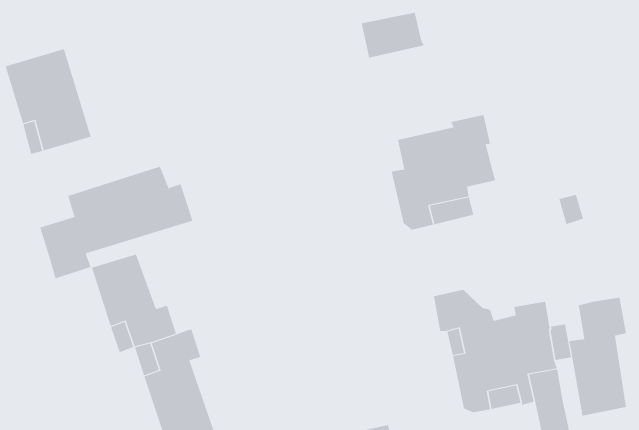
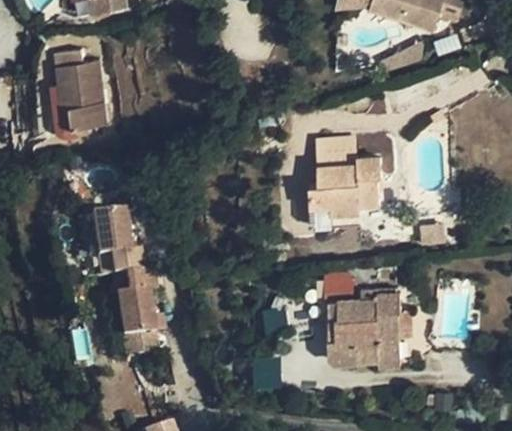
building: [361,12,424,58] -> [315,137,356,163]
building: [40,166,193,279] -> none
building: [569,297,626,417] -> none

